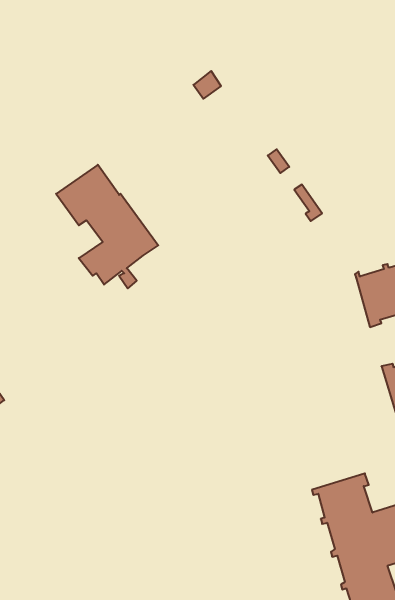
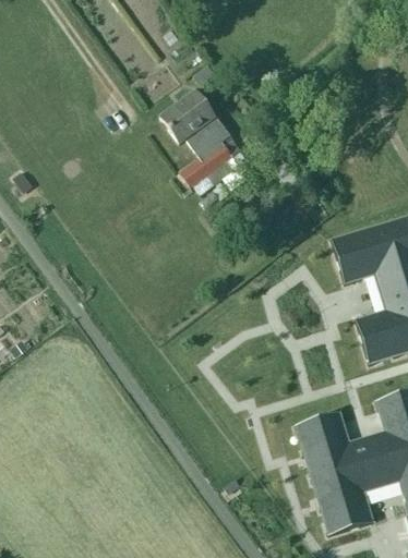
building: [56,165,158,288] -> [159,92,248,198]

